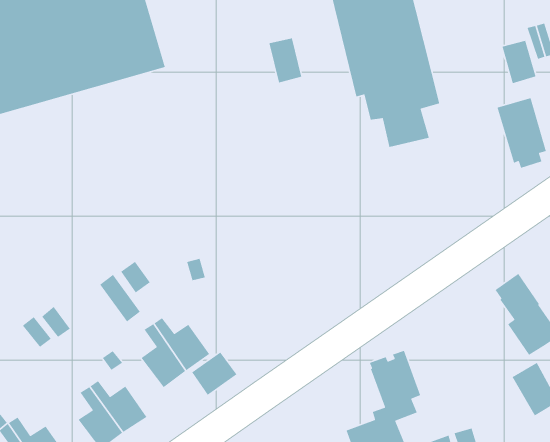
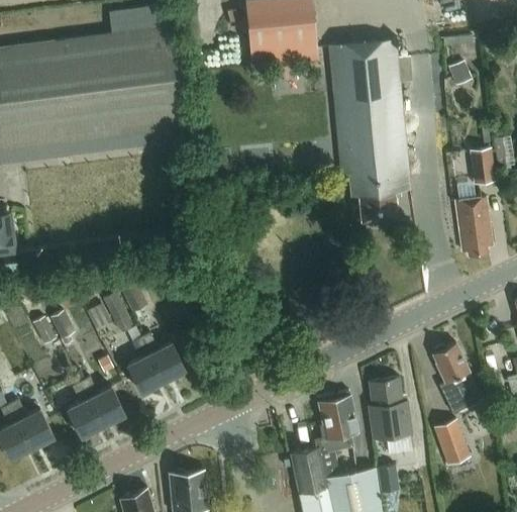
building: [269,38,302,84] -> none
building: none -> [369,378,412,441]
building: [191,352,237,396] -> none

